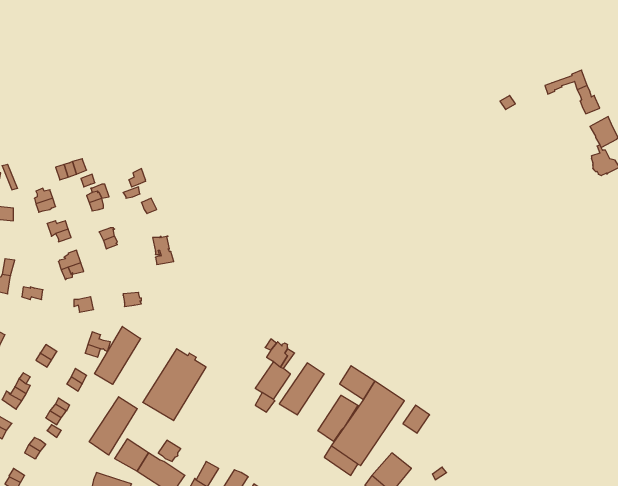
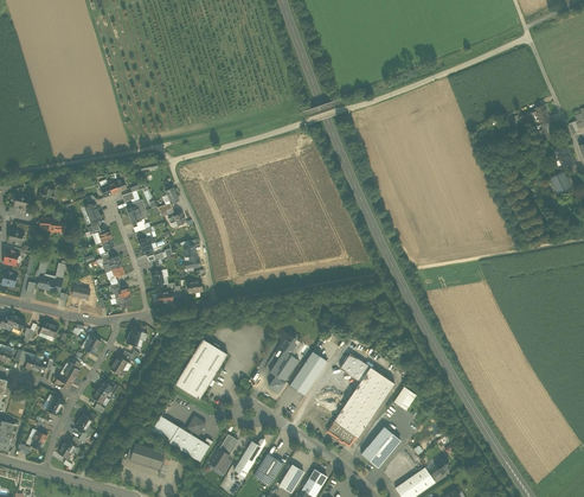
building: [95,326,141,384] -> none
building: [318,395,358,442] -> none
building: [89,397,137,455] -> none

